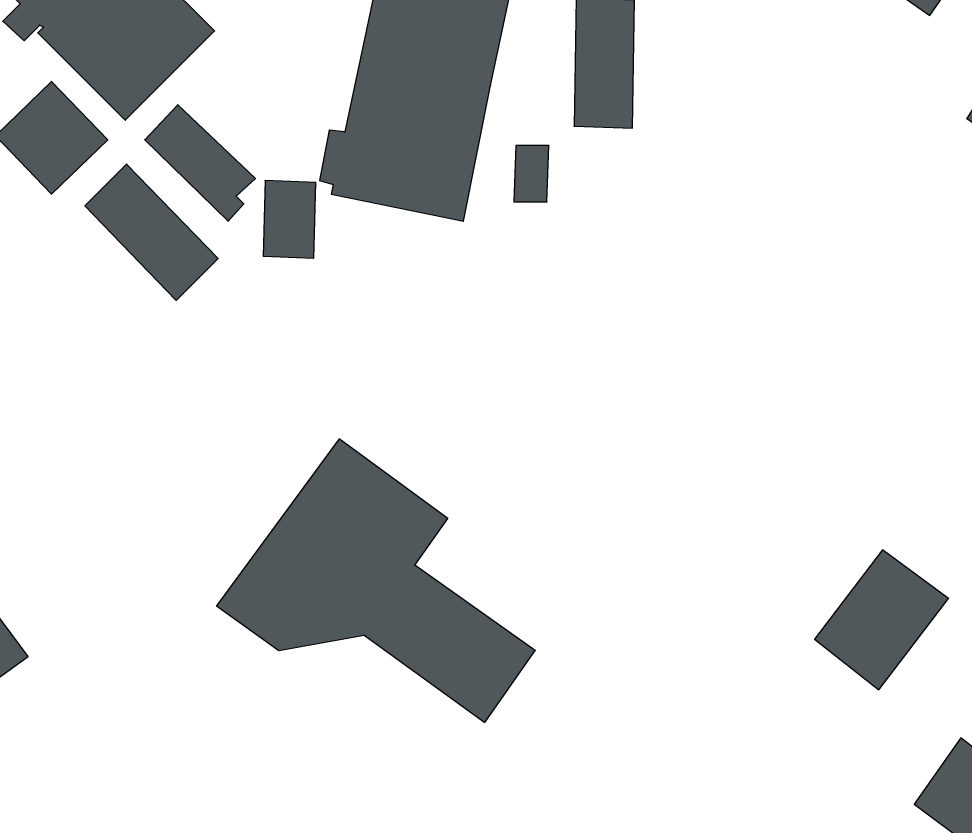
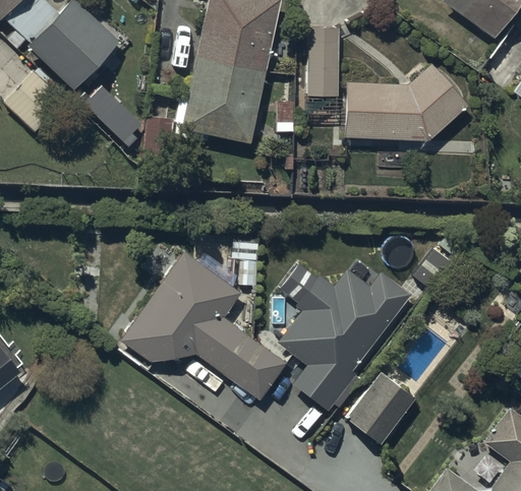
building: none -> [344,60,467,136]
building: [85,164,218,300] -> none
building: none -> [278,260,410,413]
building: [815,550,949,690] -> [347,374,417,447]

